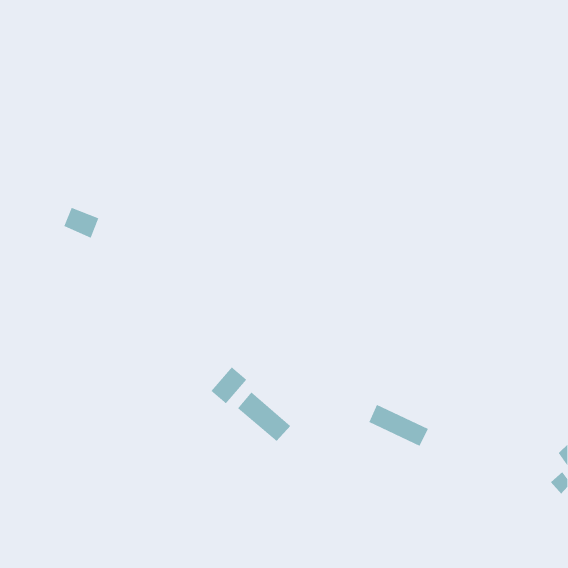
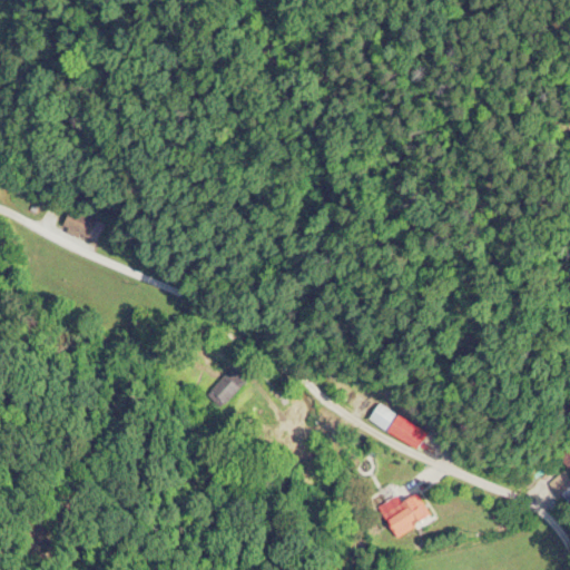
building: [237,391,291,442] -> none
building: none -> [383,493,431,538]

